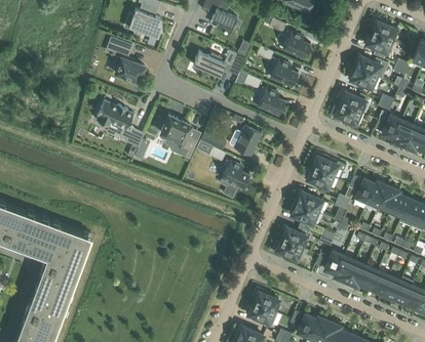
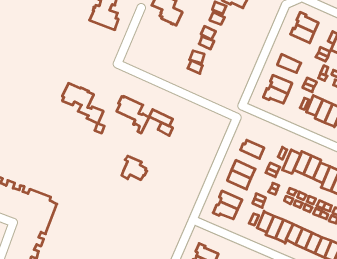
building: [283,32,310,59] -> none
building: [112,40,145,84] -> none
building: [193,52,245,79] -> none
building: [353,56,388,80] -> none
building: [270,60,299,88] -> none
building: [258,89,285,116] -> none
building: [230,127,261,157] -> none
building: [312,154,346,177] -> none
building: [220,162,249,189] -> [122,156,147,180]

